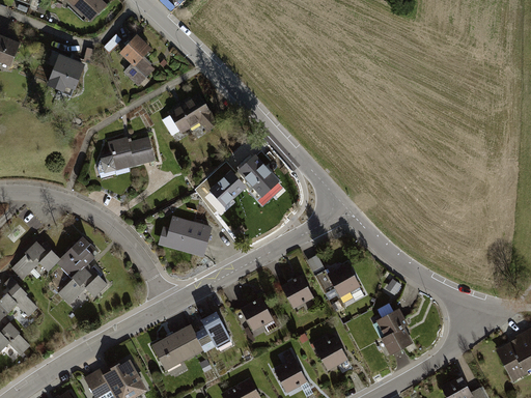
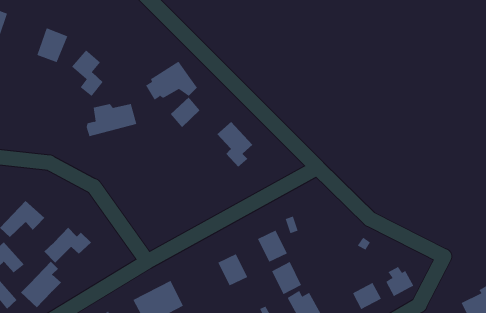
building: [120,36,155,86] -> [71,50,104,97]
building: [211,172,243,205] -> [170,96,201,128]
building: [167,217,209,253] -> none
building: [50,235,93,285] -> [20,261,62,308]
building: [328,260,360,295] -> [271,261,302,295]
building: [376,304,407,336] -> [386,266,414,297]
building: [195,312,231,351] -> none

